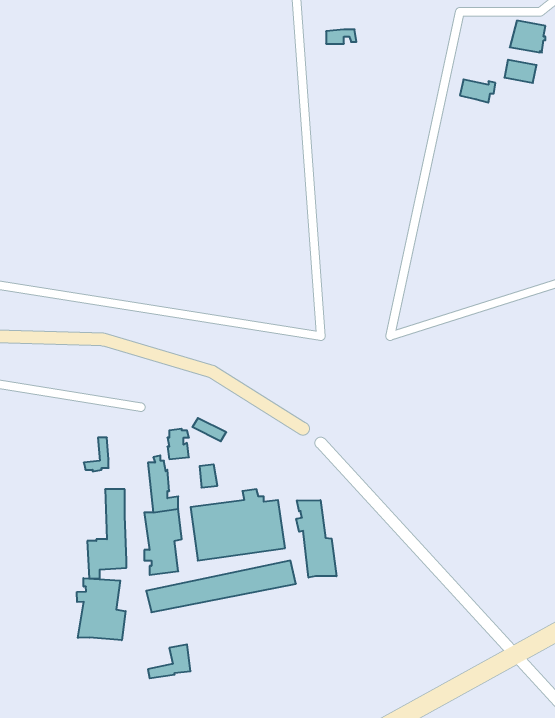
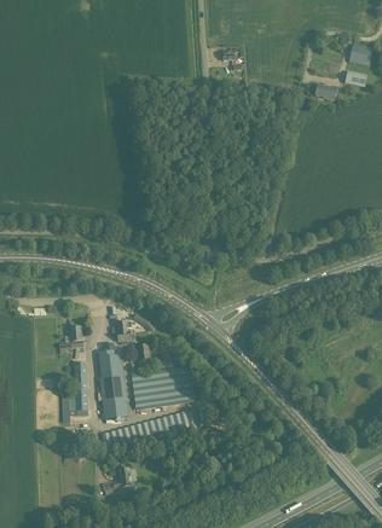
building: [296,500,336,578] -> none
building: [77,578,126,640] -> none

